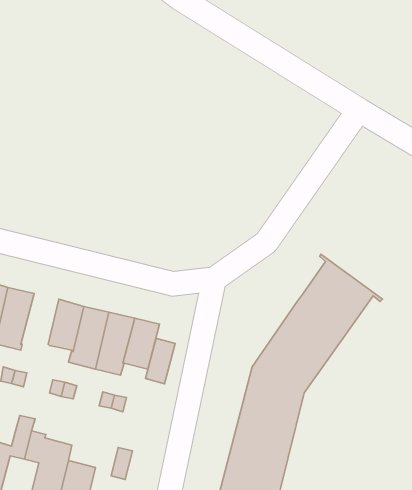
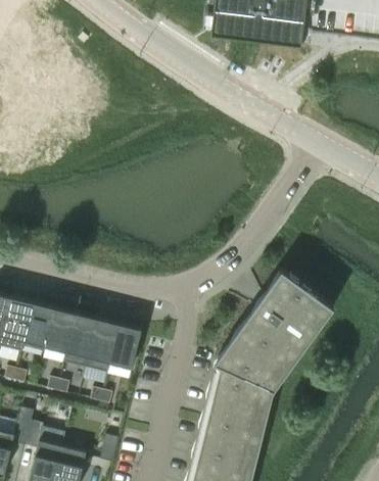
building: none -> [23,302,56,352]
building: [145,338,175,384] -> none

